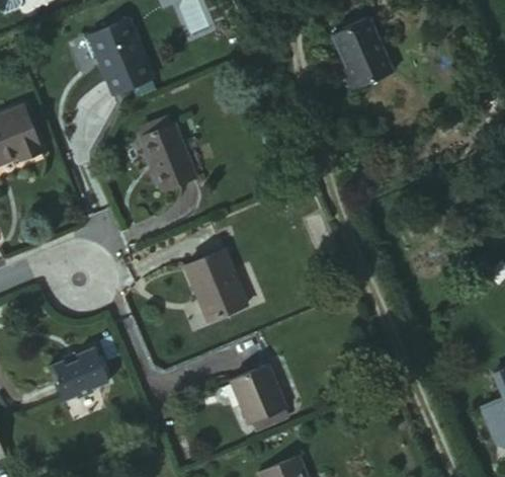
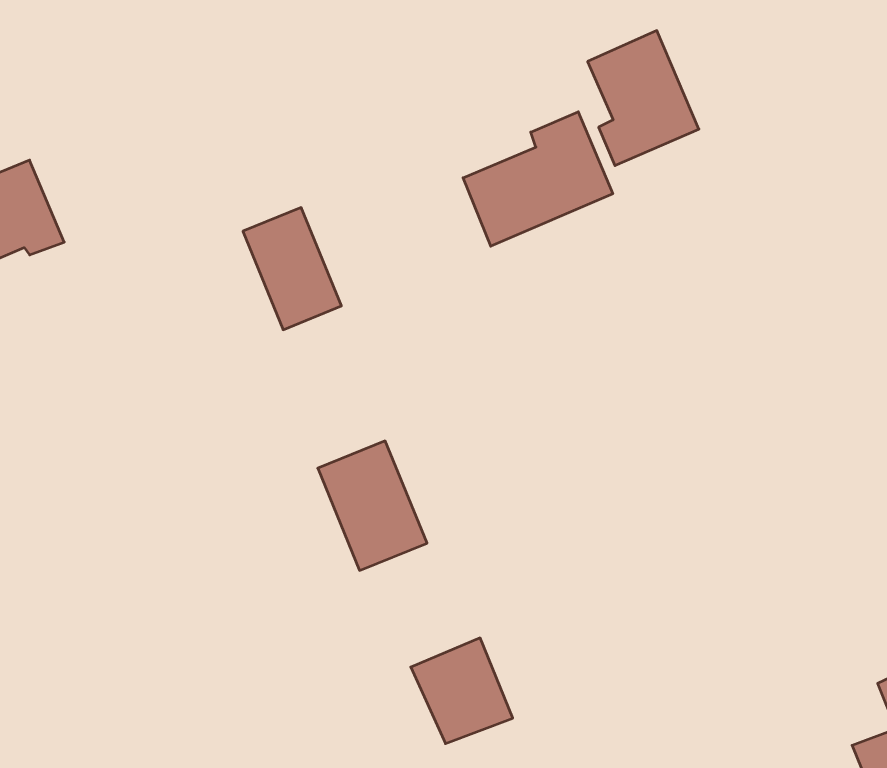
building: [77,15,151,93] -> none
building: none -> [463,112,613,246]
building: [51,347,112,403] -> none

